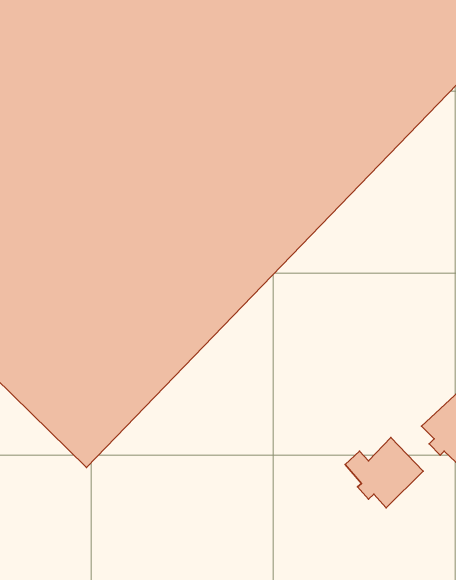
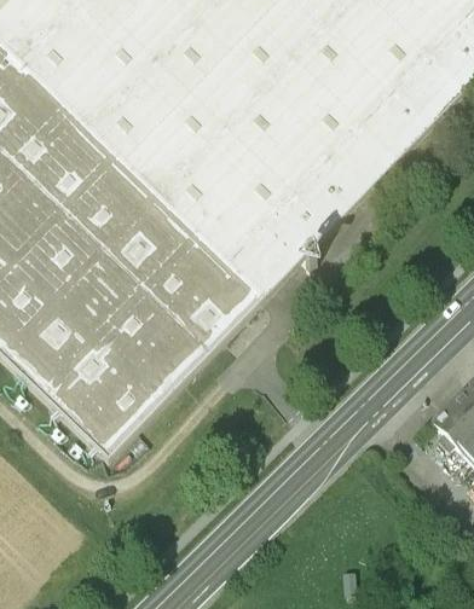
building: [345,438,423,508] -> none

